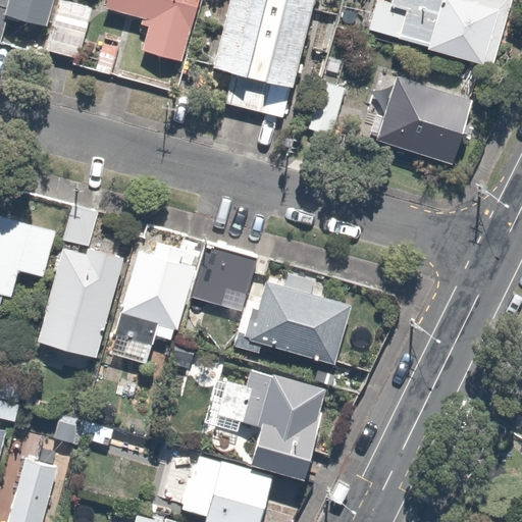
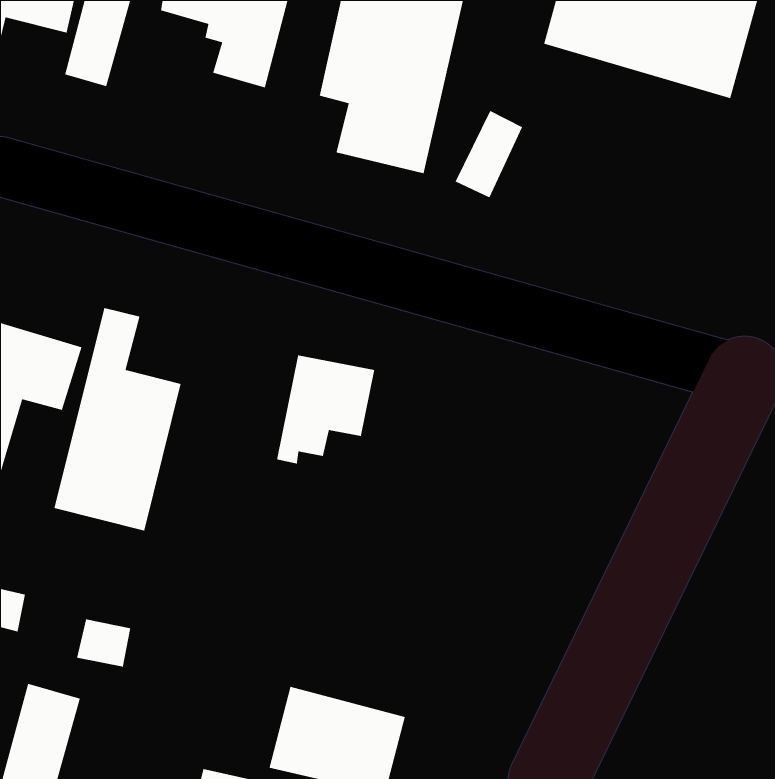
building: [376,73,475,162] -> none
building: [110,234,194,363] -> none
building: [231,282,350,363] -> none
building: [218,369,328,475] -> none

